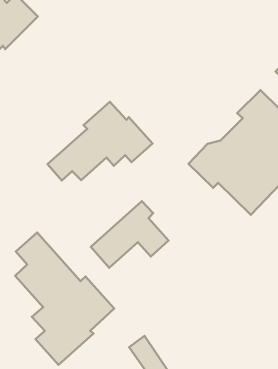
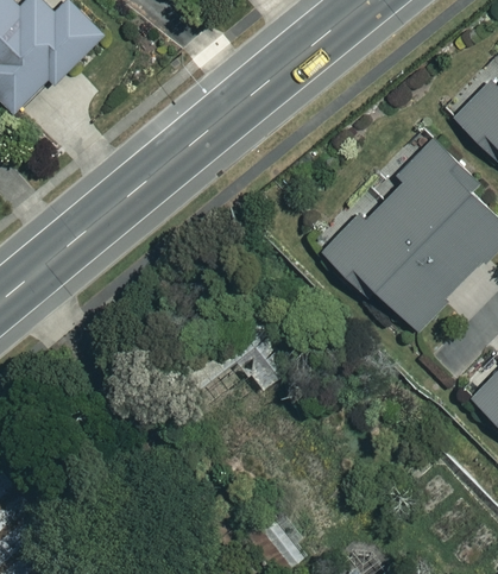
building: [47,102,152,180] -> none
building: [15,233,114,365] -> none

